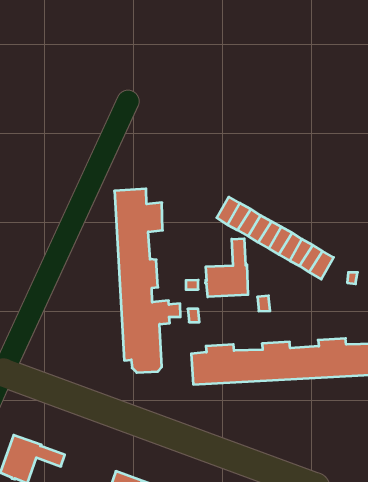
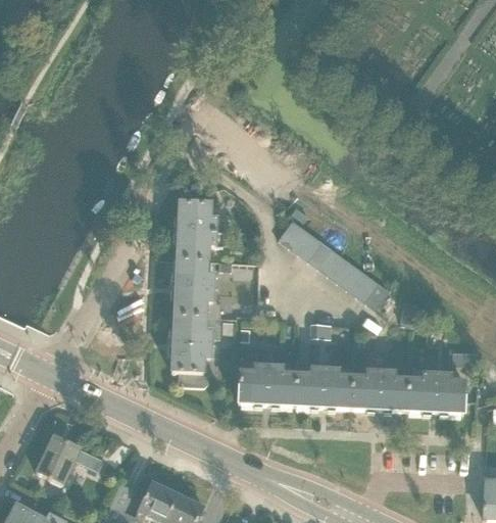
building: [206,239,248,297] -> none

